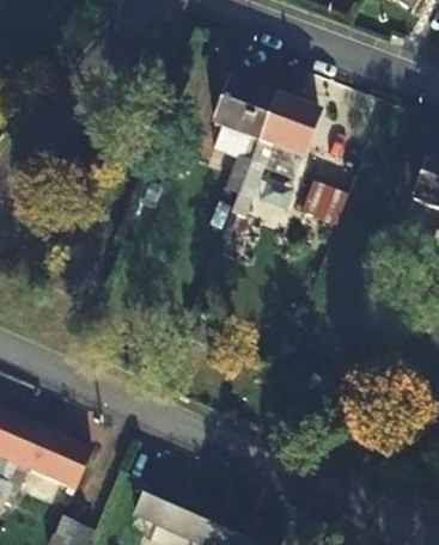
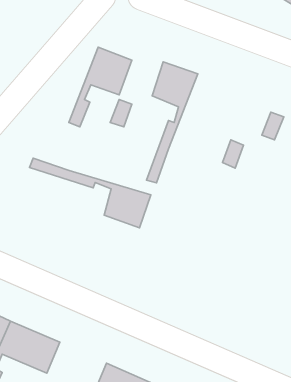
building: [234,97,317,201] -> [69,47,132,127]
building: none -> [29,158,151,228]

